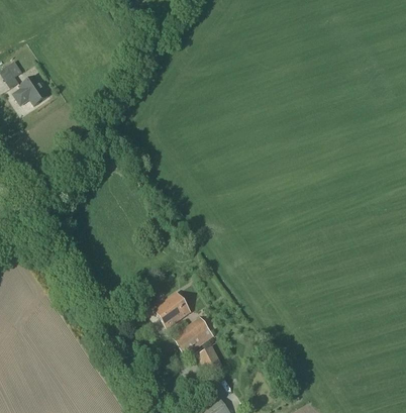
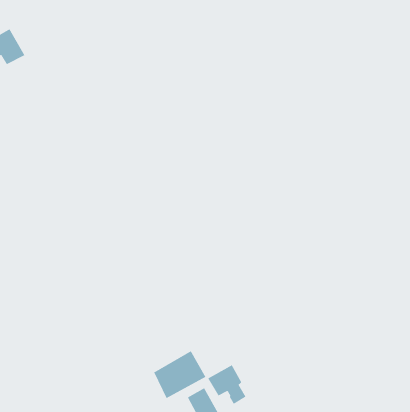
building: [154,292,190,327] -> none
building: none -> [207,364,247,405]

